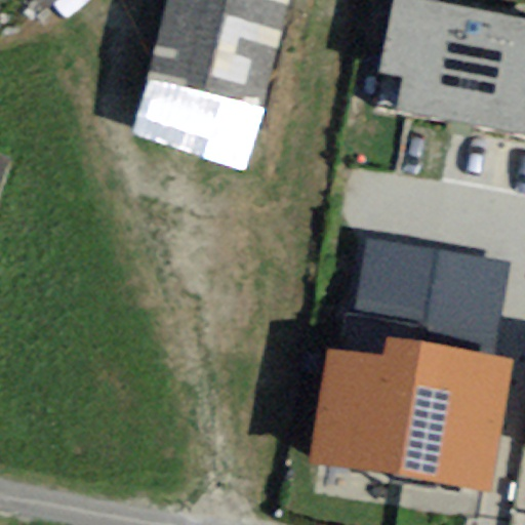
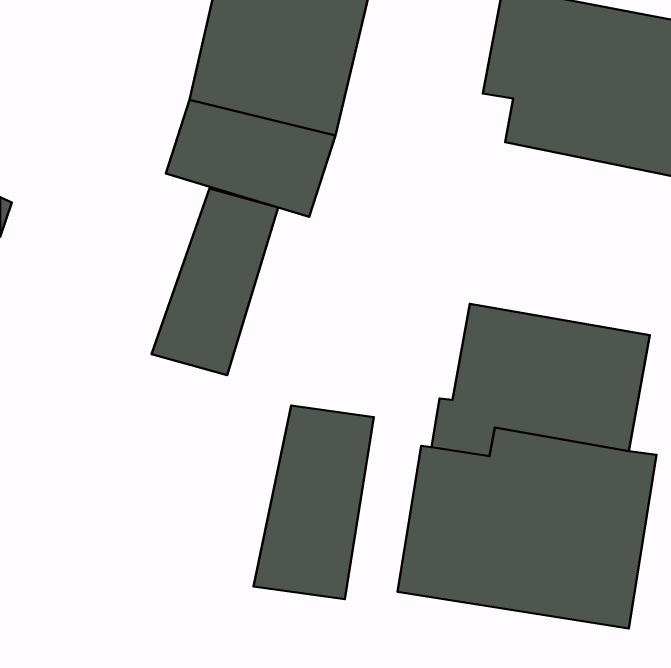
building: none -> [151,188,278,375]
building: none -> [253,406,374,599]

